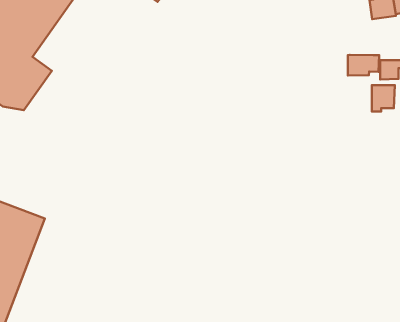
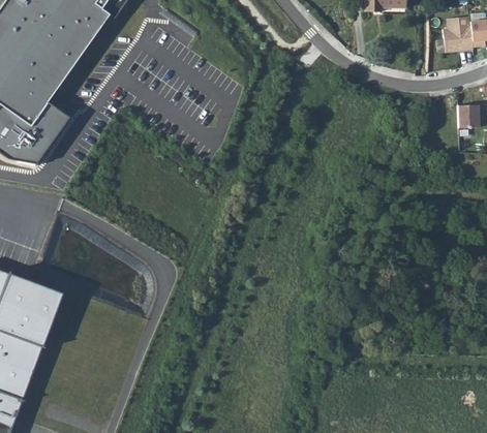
building: [348,55,379,76] -> none
building: [372,85,395,111] -> none

